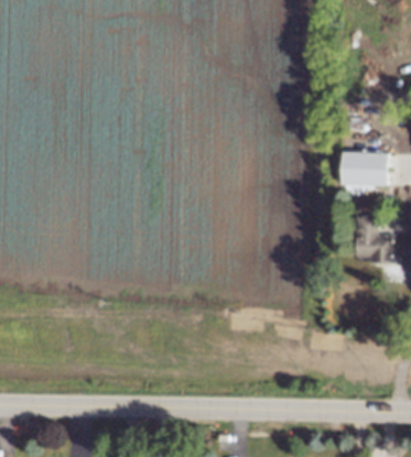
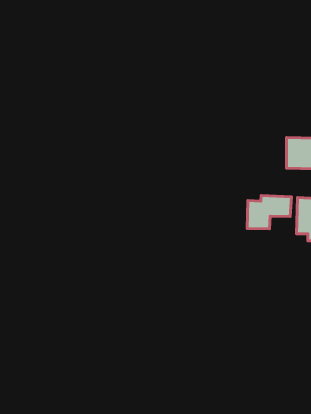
building: none -> [247,196,292,229]

